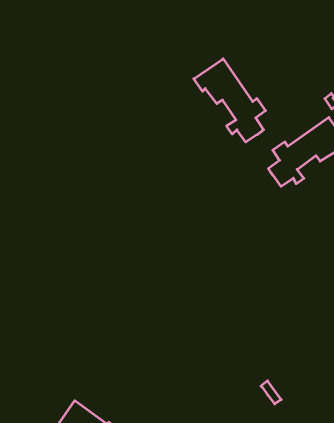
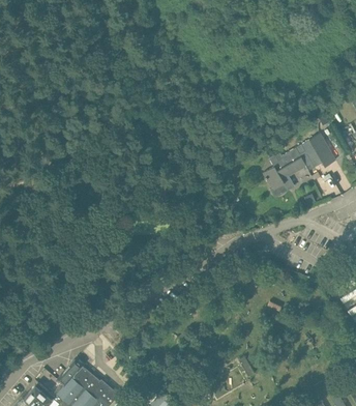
building: [194,59,266,142] -> none

